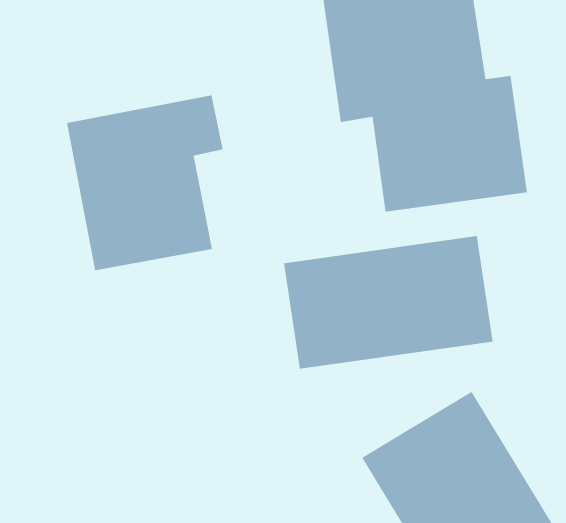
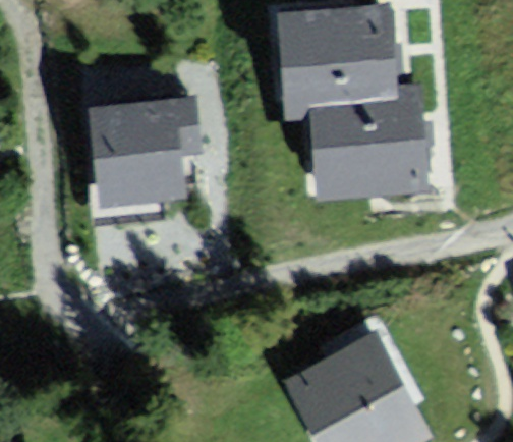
building: [283,235,493,370] -> none

